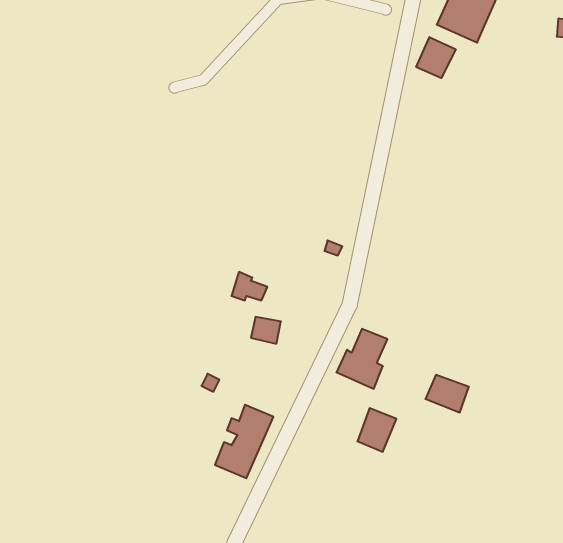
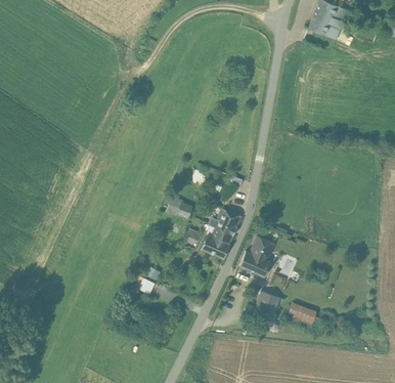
building: [416,37,456,78] -> none
building: [425,375,469,412] -> [287,302,316,328]
building: [215,405,273,478] -> [202,208,242,258]

